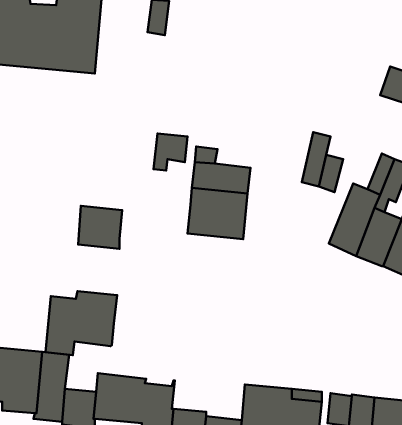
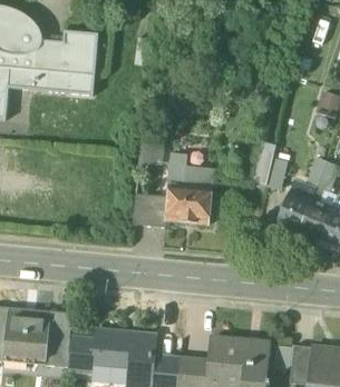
building: [78,206,122,249] -> [133,192,167,226]
building: [45,291,117,355] -> none

